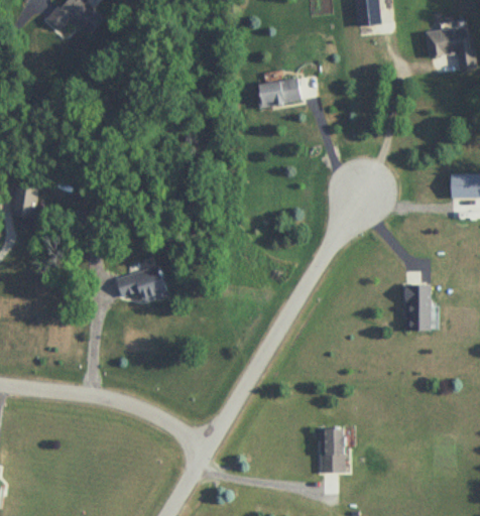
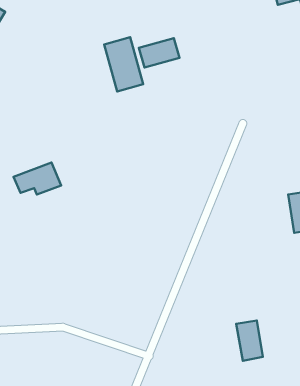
building: none -> [104,37,143,91]
building: [115,267,169,302] -> [14,162,61,194]

